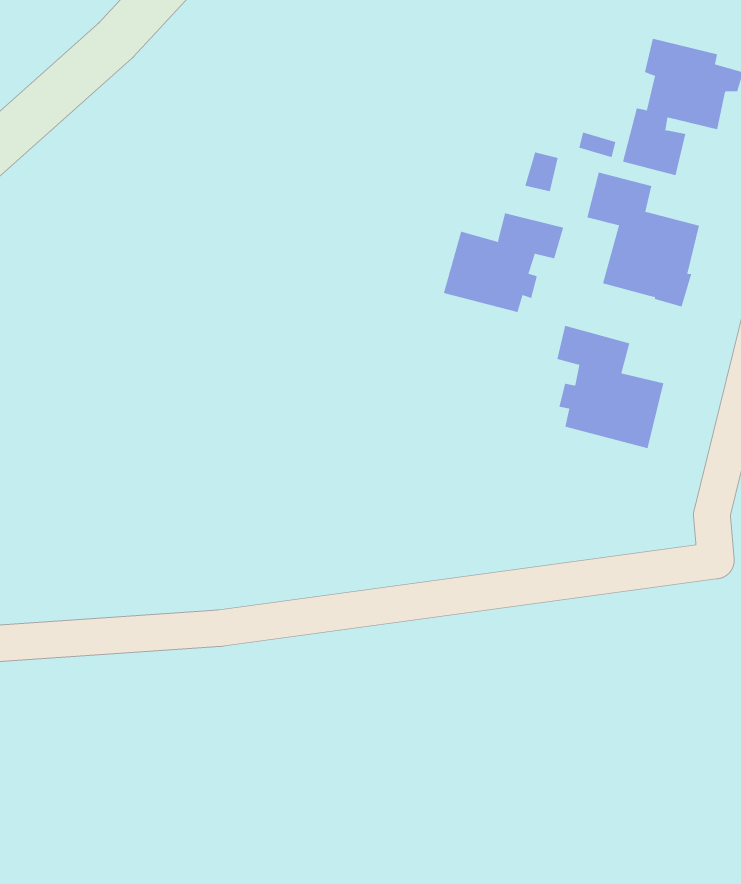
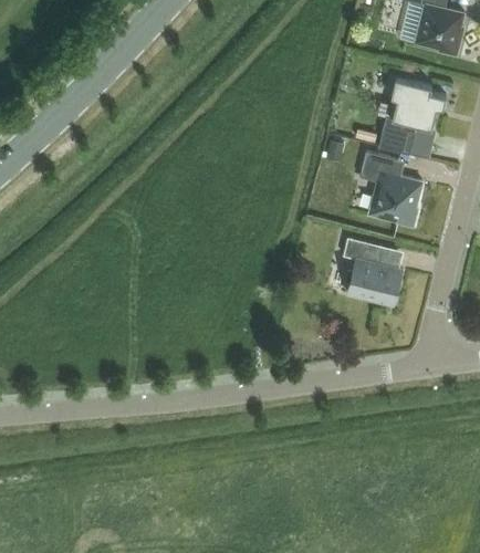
building: [443,212,564,313] -> none

